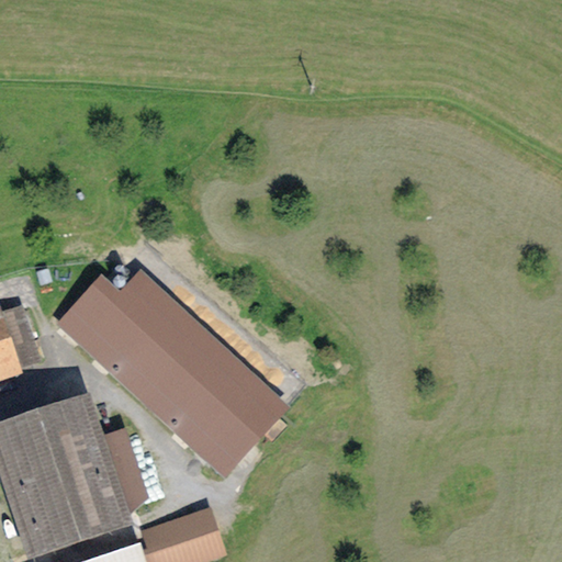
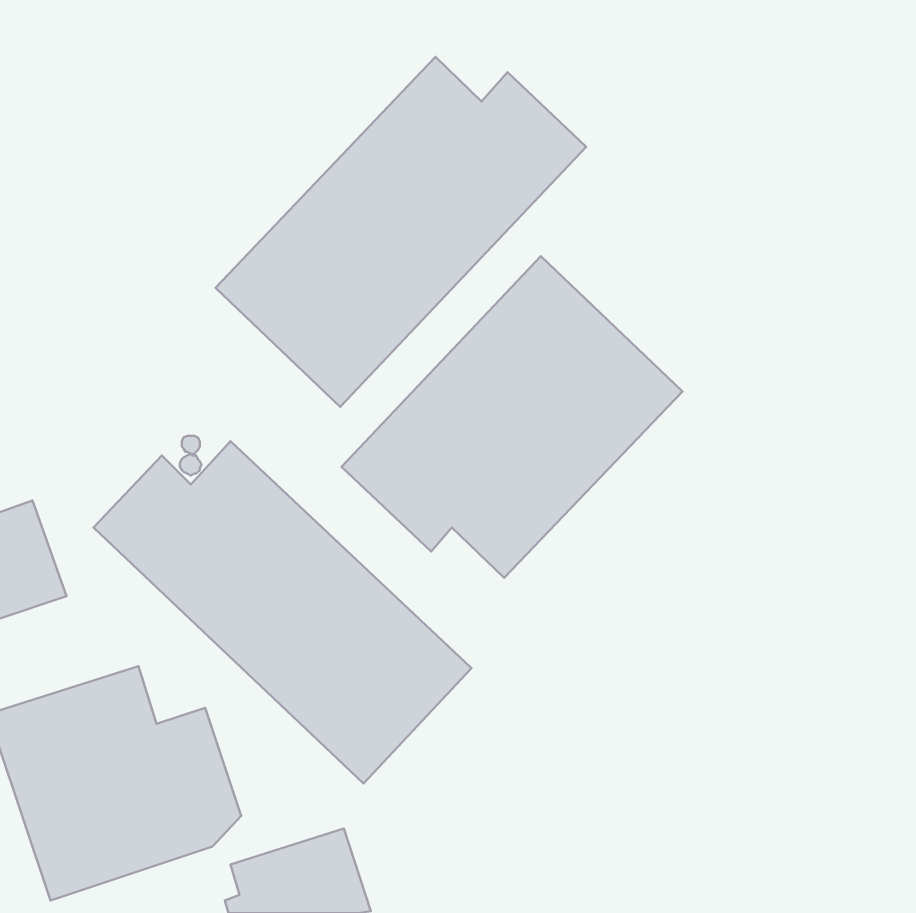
building: none -> [215,57,586,407]
building: none -> [342,256,683,578]

